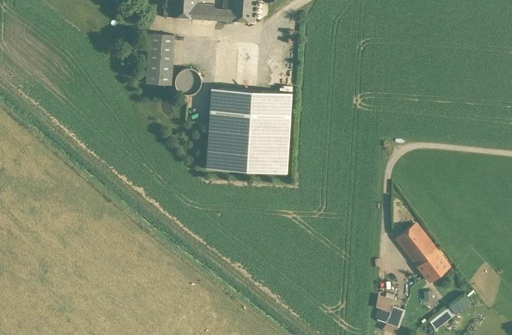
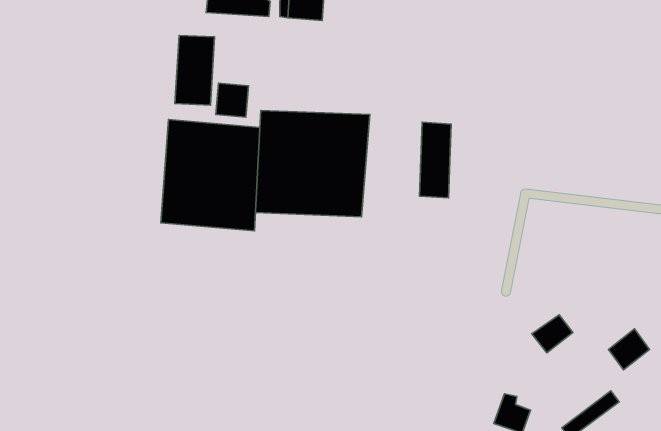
building: none -> [161,120,260,231]
building: none -> [419,122,451,198]
building: [397,225,428,253] -> none
building: [419,252,449,282] -> [609,329,650,370]

